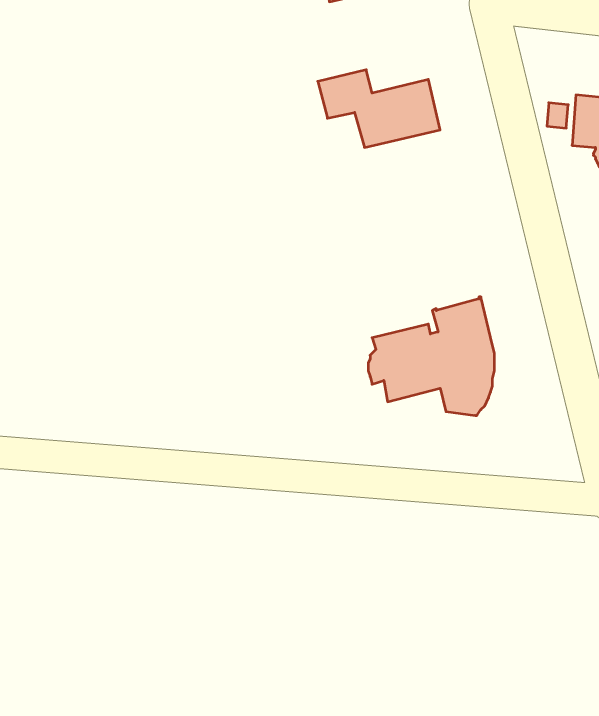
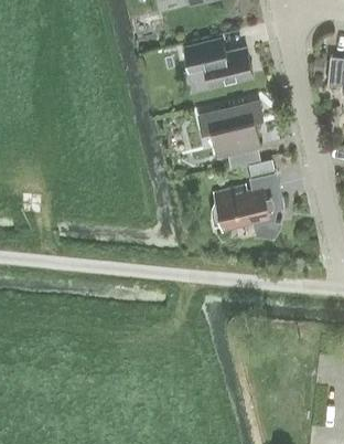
building: none -> [197,102,262,167]

